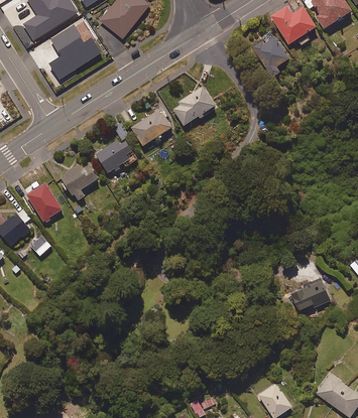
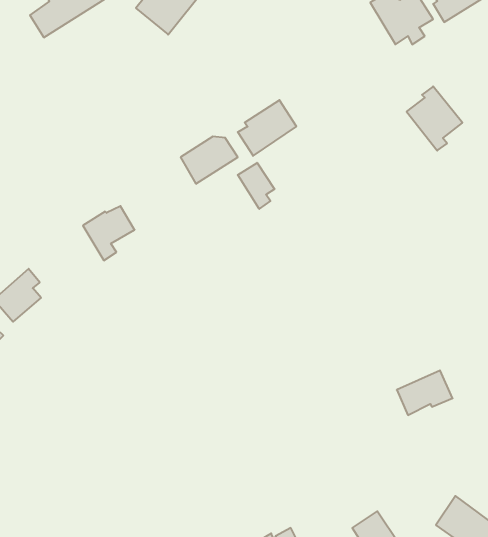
building: [50,19,102,83] -> none
building: [249,31,289,78] -> [407,86,462,151]
building: none -> [238,163,274,209]
building: [96,136,139,173] -> none
building: [26,182,64,222] -> none

